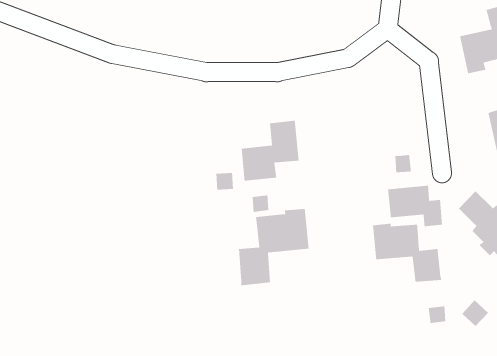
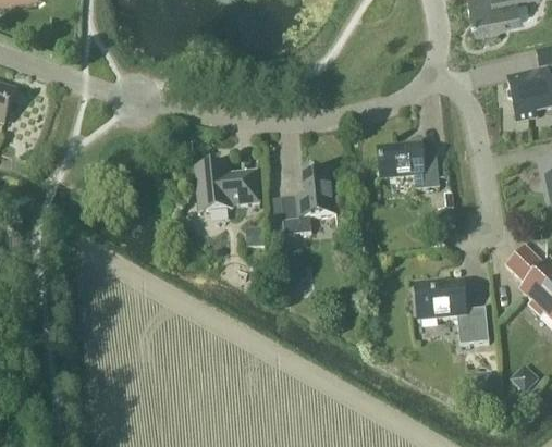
building: none -> [195,165,260,212]
building: [387,185,443,227] -> [378,144,438,189]
building: [238,208,309,286] -> none

